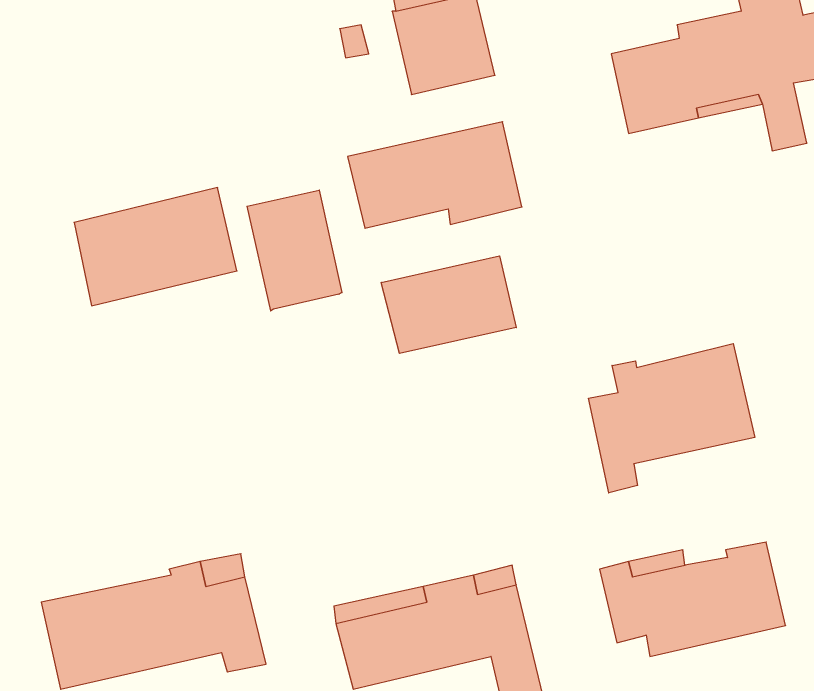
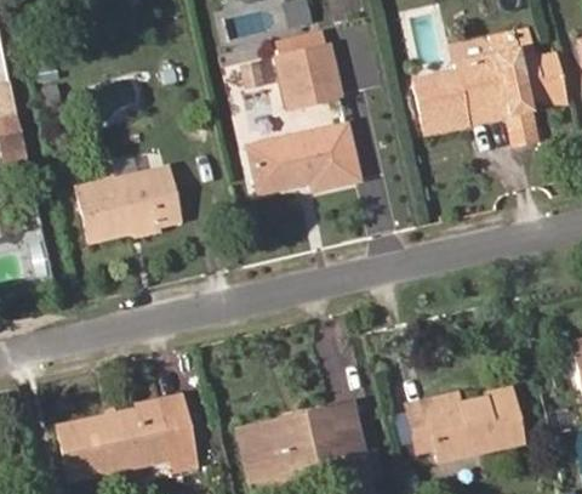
building: [247,190,342,311] -> none
building: [381,256,516,353] -> none
building: [589,344,755,493] -> none

